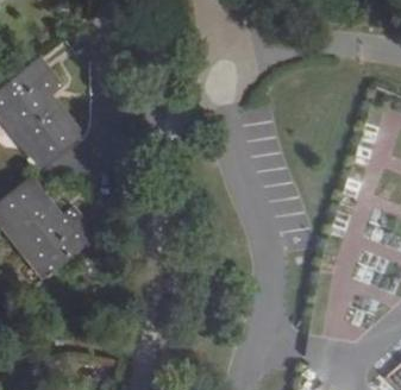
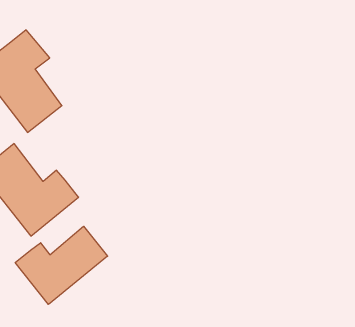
building: none -> [15,226,108,304]

